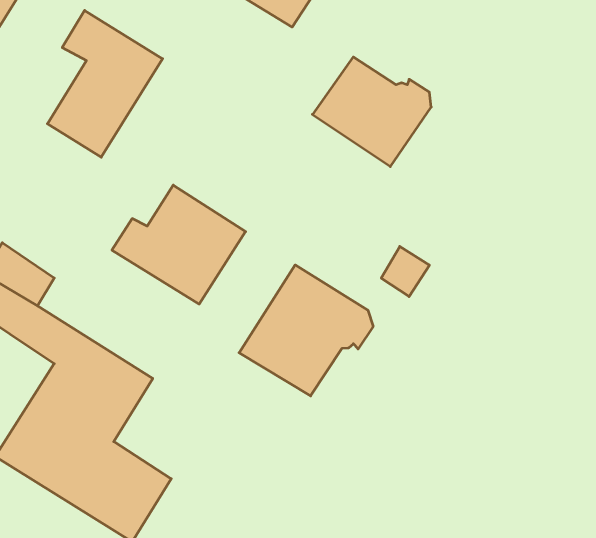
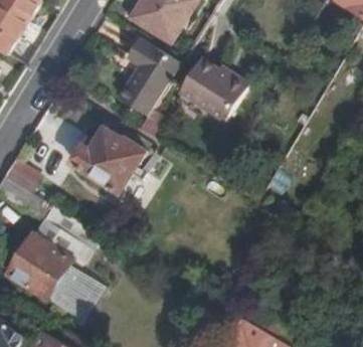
building: [47,10,163,157] -> [118,36,180,116]
building: [239,265,373,396] -> none

